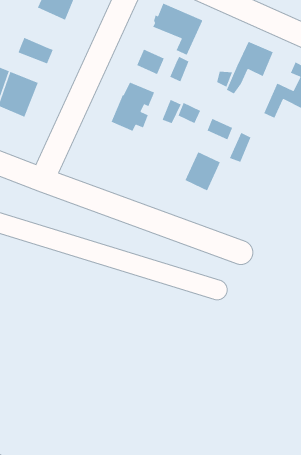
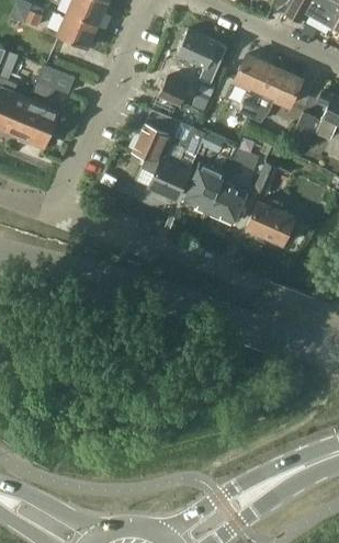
building: none -> [235,57,273,94]
building: none -> [148,159,189,200]
building: none -> [182,163,224,213]
building: none -> [245,201,294,245]

